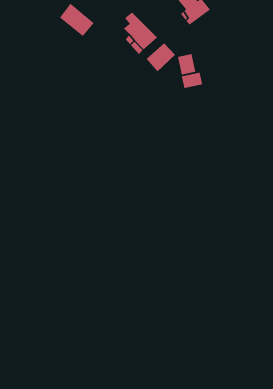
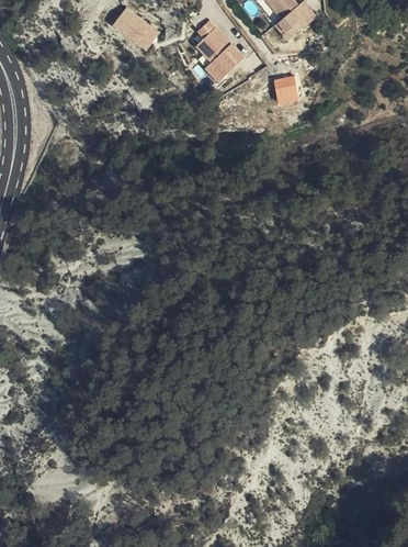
building: [146,42,176,72] -> none
building: [181,72,203,89] -> none

